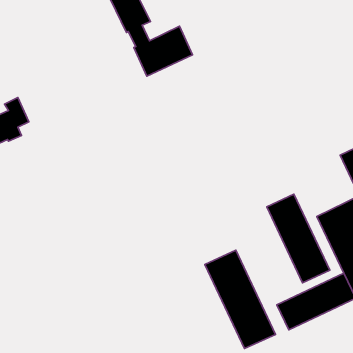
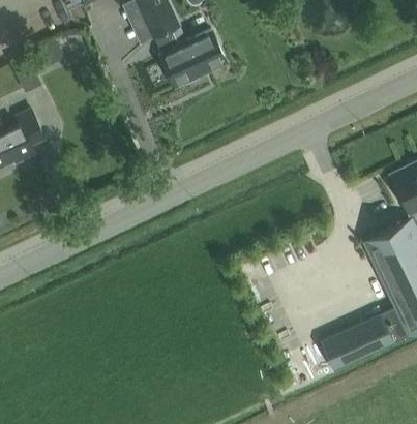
building: [267,194,330,283] -> none
building: [205,250,275,349] -> none

